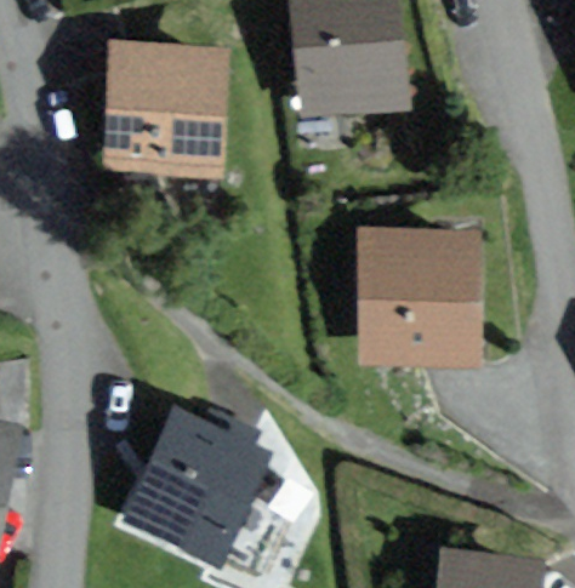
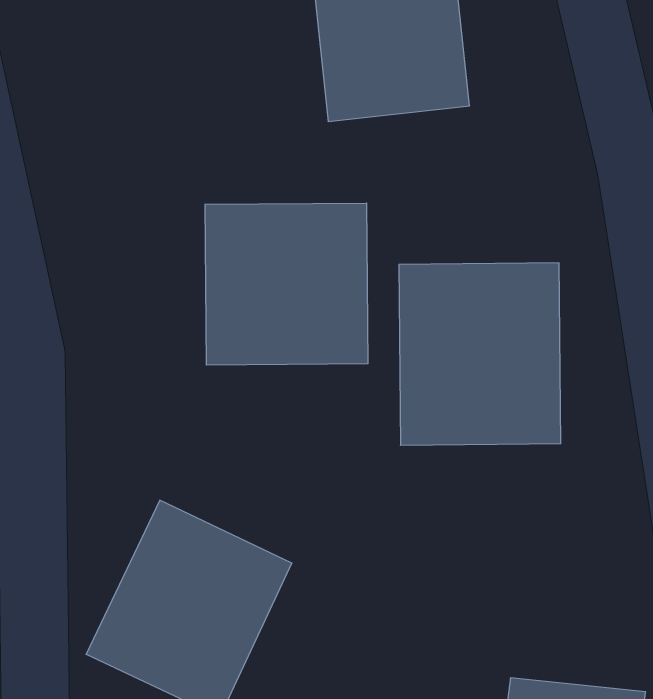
building: [106,39,227,175] -> none
building: none -> [205,203,368,365]

